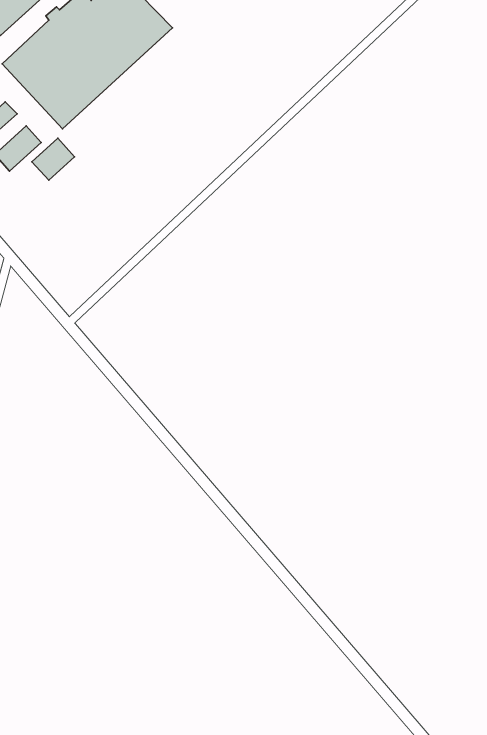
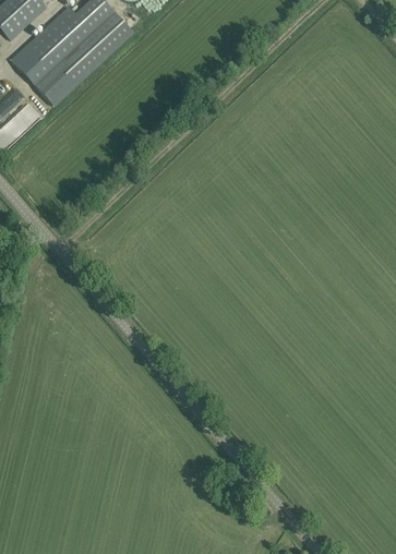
building: [32,138,75,180] -> none

